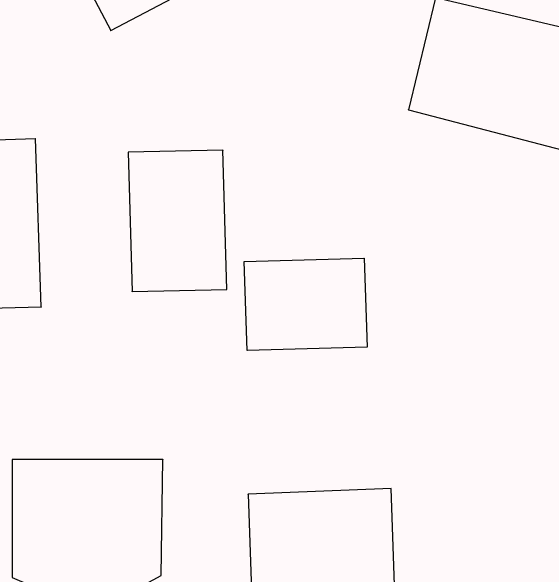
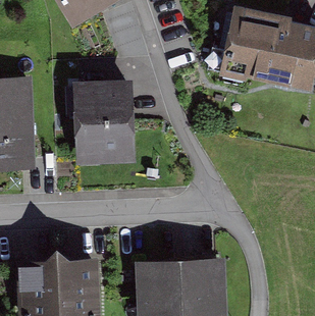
building: [244,258,367,350] -> none

